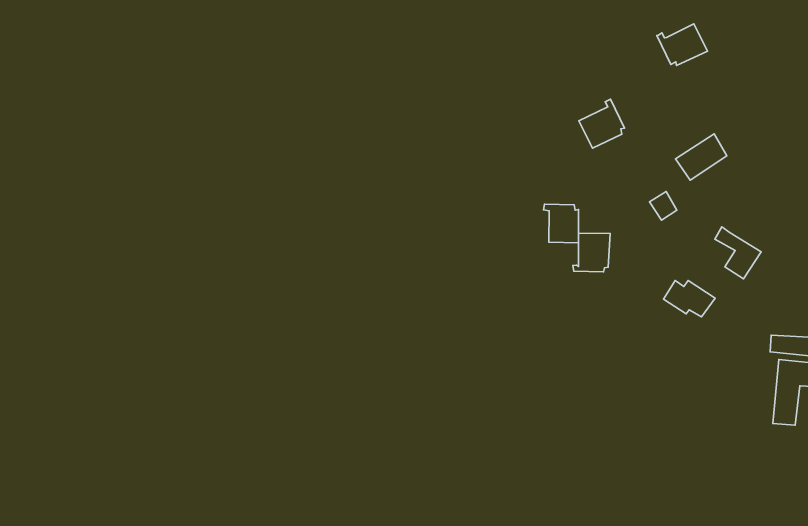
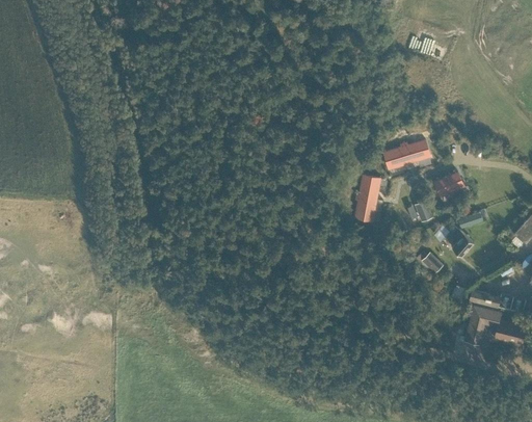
building: [657,24,707,65] -> [403,140,430,162]
building: [573,233,610,272] -> [356,176,380,200]

